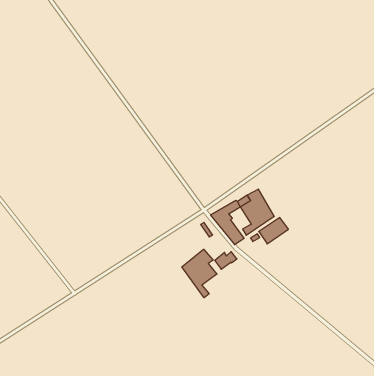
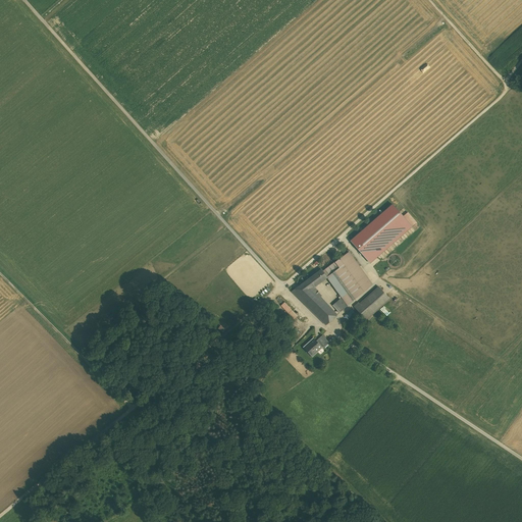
building: none -> [352,204,412,262]
building: [182,249,217,298] -> none

